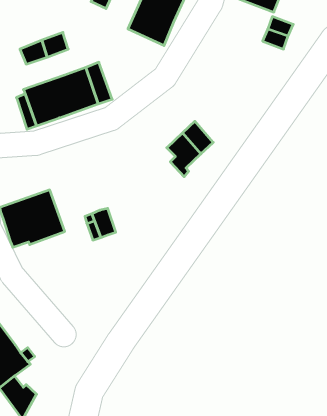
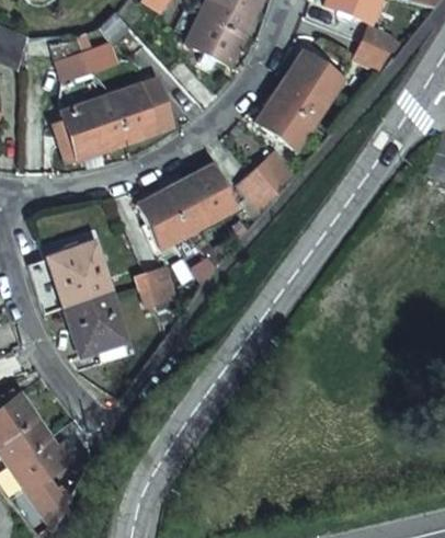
building: none -> [256,49,343,145]
building: none -> [137,167,232,247]
building: none -> [66,293,127,355]

